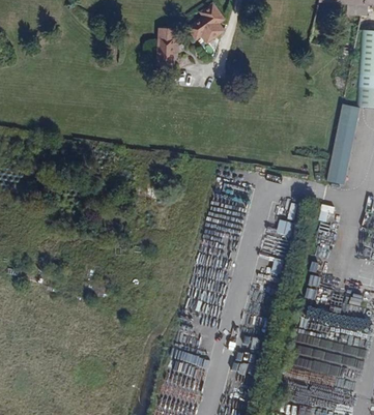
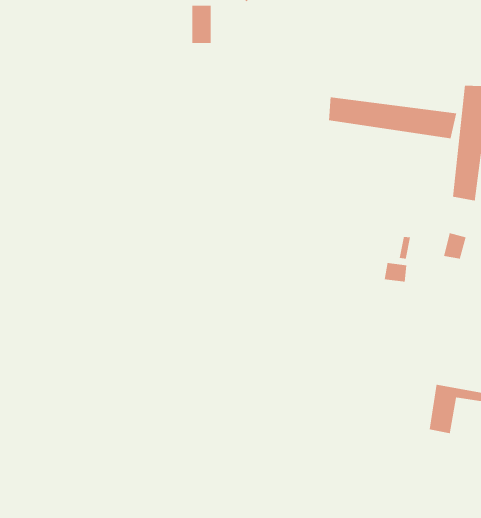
building: none -> [328,97,457,139]

